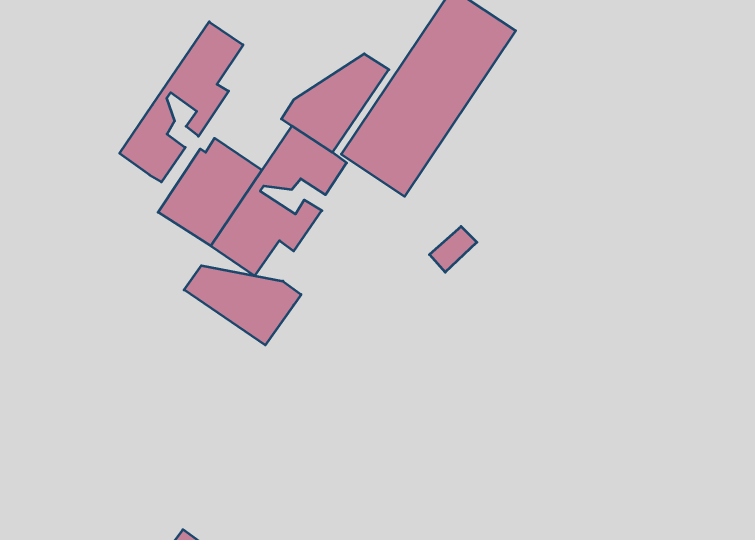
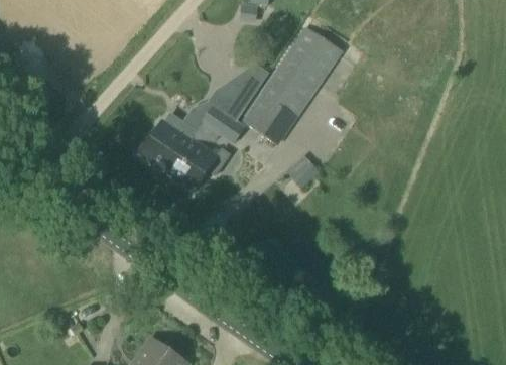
building: [120,22,243,182] -> none
building: [184,266,301,345] -> none

